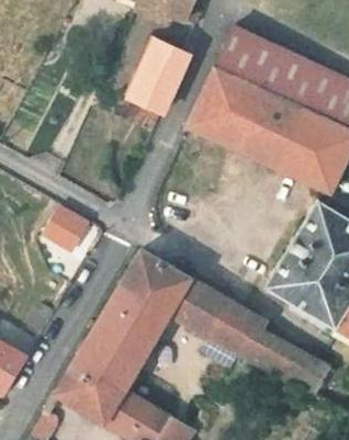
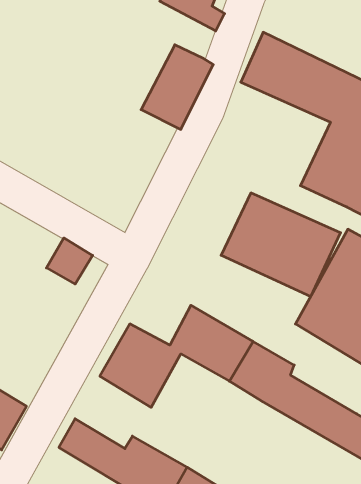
building: [191,72,296,163] -> [221,193,341,296]
building: [120,250,173,304] -> none
building: [71,331,138,395] -> none

